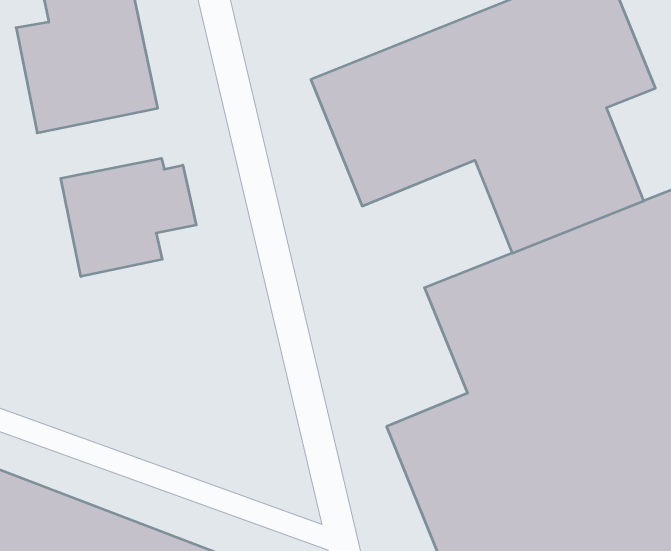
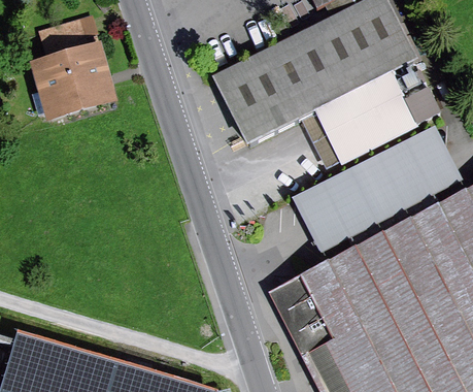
building: [61,158,196,277] -> none

